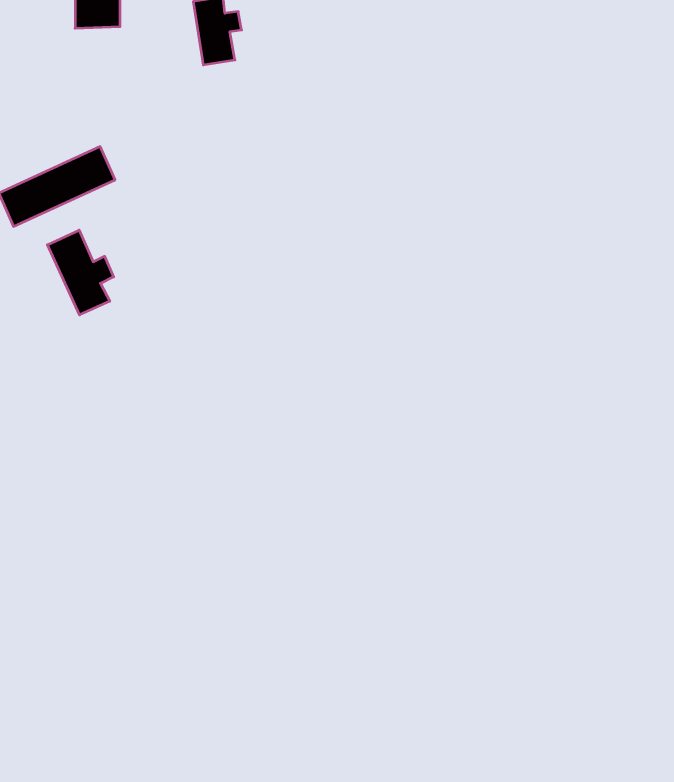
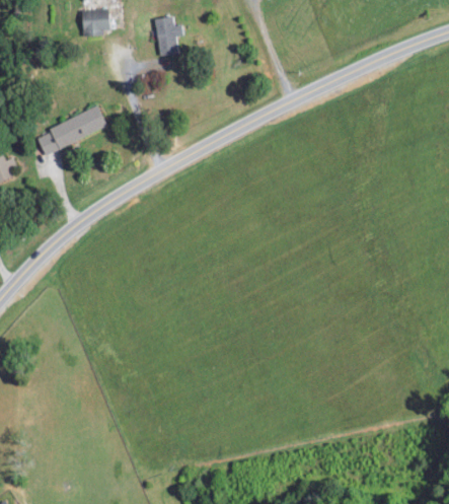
building: [47,230,114,315] -> none

